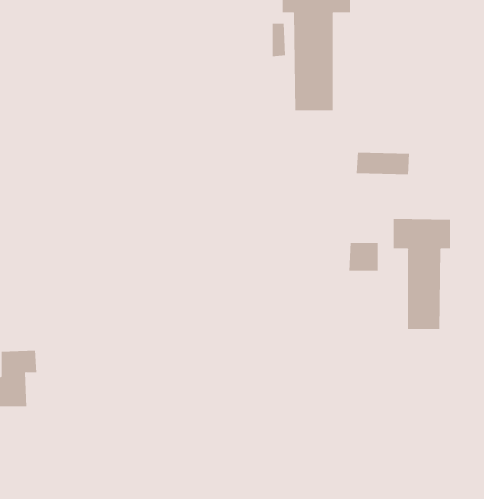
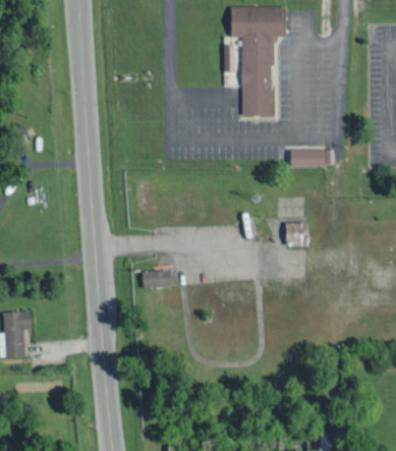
building: [393,218,450,330] -> none
building: none -> [142,271,172,288]

